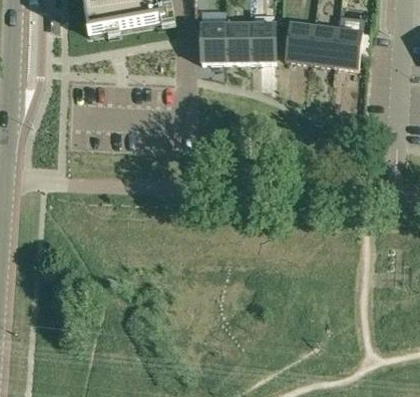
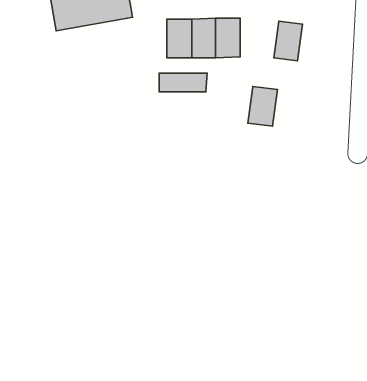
building: [284,22,314,62] -> [248,87,278,126]
building: [333,28,362,68] -> none
building: none -> [159,73,207,92]

